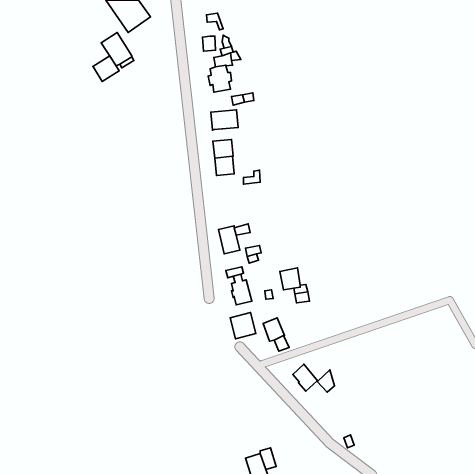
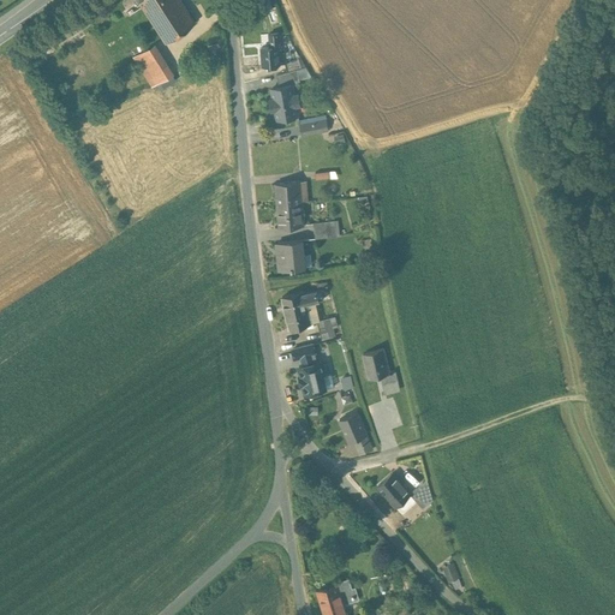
building: [93,56,119,82] -> none
building: [211,110,238,130] -> none
building: none -> [277,241,303,270]
building: [230,313,256,339] -> none

